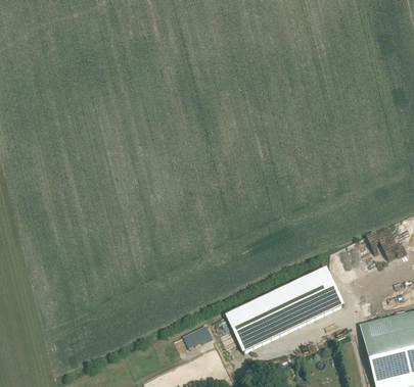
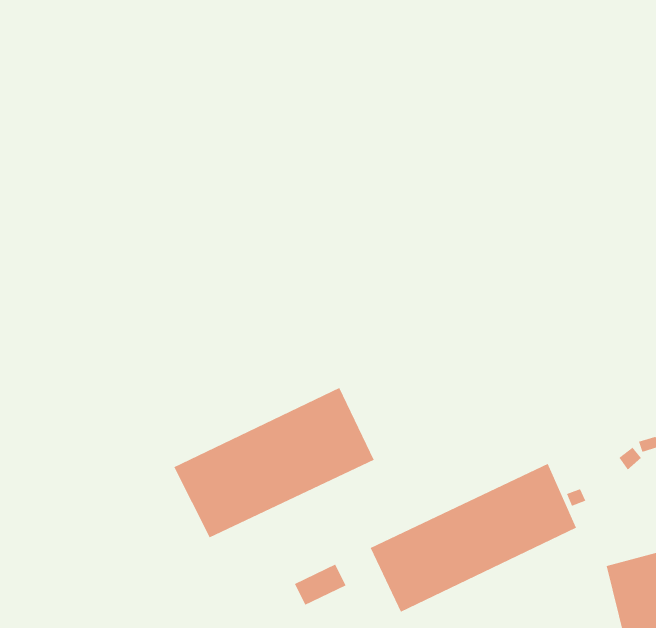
building: none -> [173,387,375,538]

